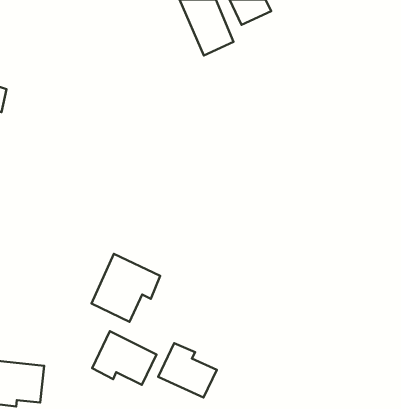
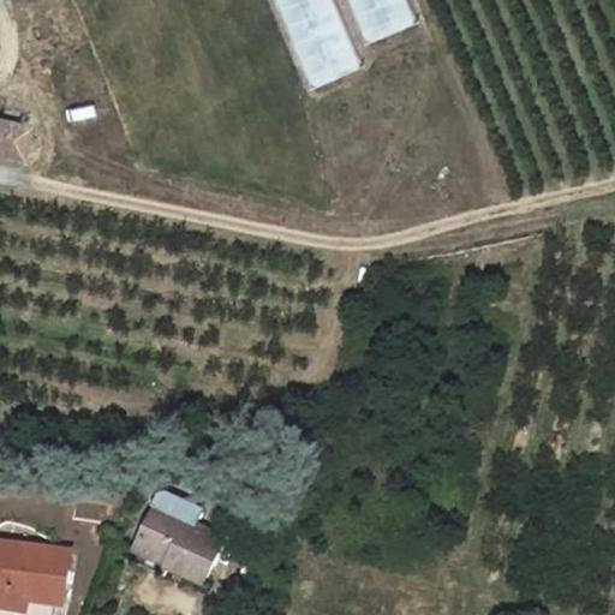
building: [91,254,160,322] -> none
building: [158,343,217,397] -> none

